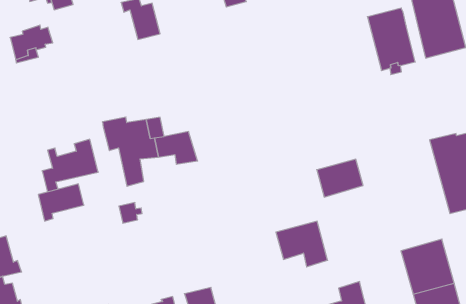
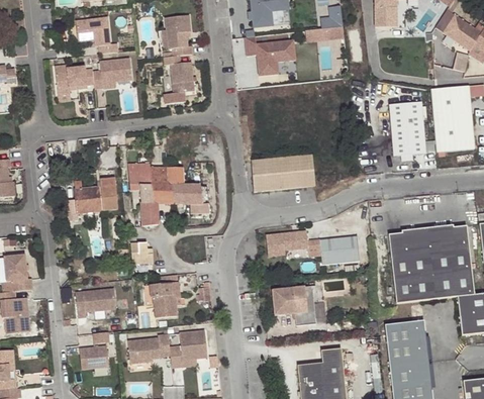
building: none -> [92,55,132,87]
building: none -> [251,154,314,191]
building: none -> [387,226,434,302]
building: none -> [265,229,307,256]
building: [38,184,84,221] -> [75,288,115,317]
building: none -> [143,282,179,318]

